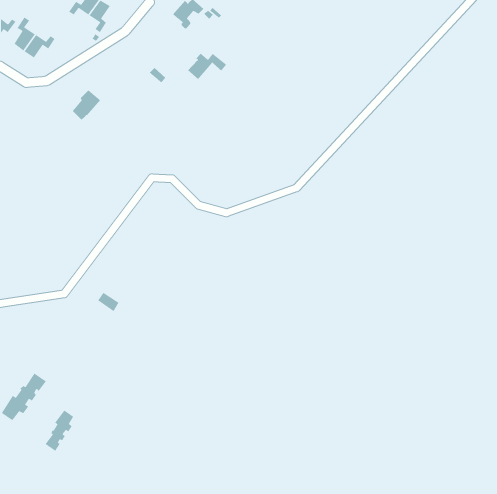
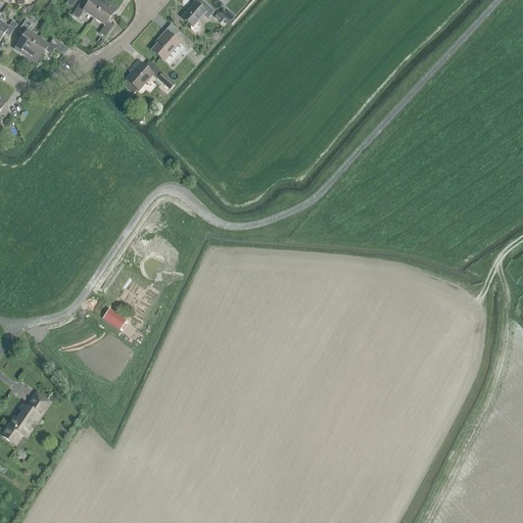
building: [187,53,227,80] -> [151,30,193,58]
building: [72,90,101,121] -> [122,60,152,93]
building: [44,410,74,452] -> none

